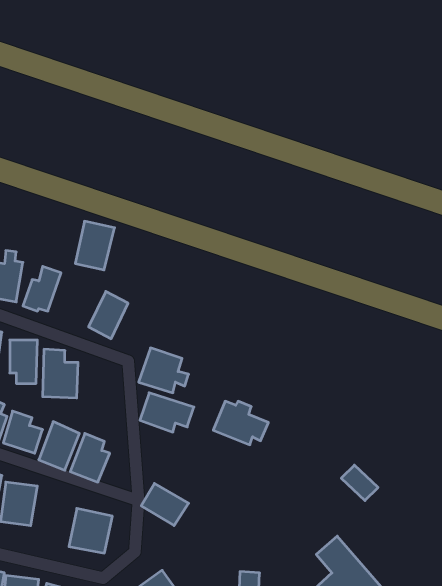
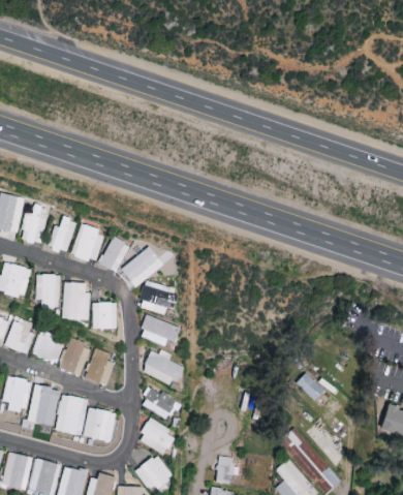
building: [75,221,115,270] -> [72,223,103,261]
building: none -> [125,243,163,276]
building: none -> [93,302,117,329]
building: [213,401,268,445] -> [141,350,184,384]
building: none -> [55,394,89,436]
building: none -> [137,420,176,455]

